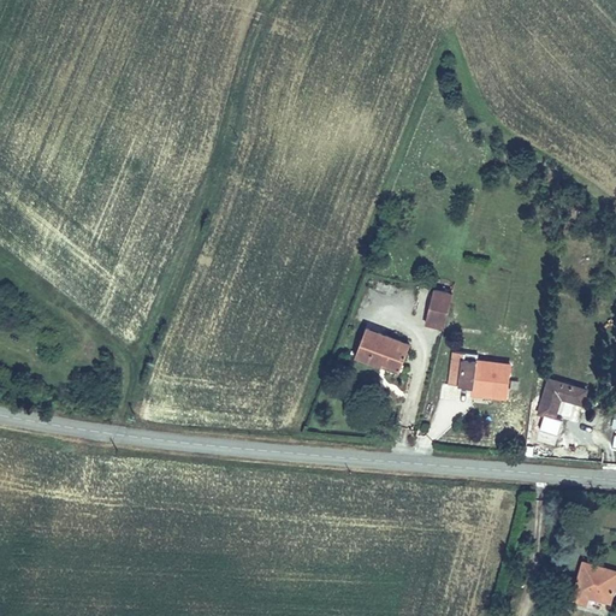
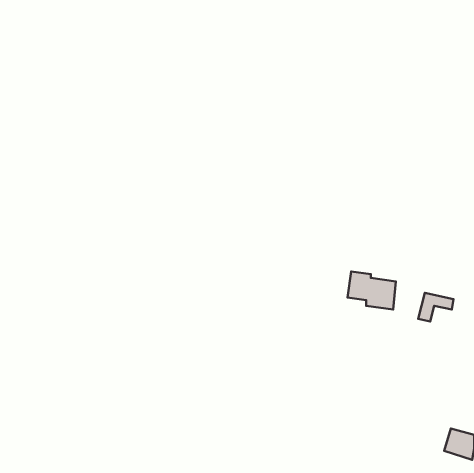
building: [424,292,451,330] -> none
building: [356,331,404,369] -> none

